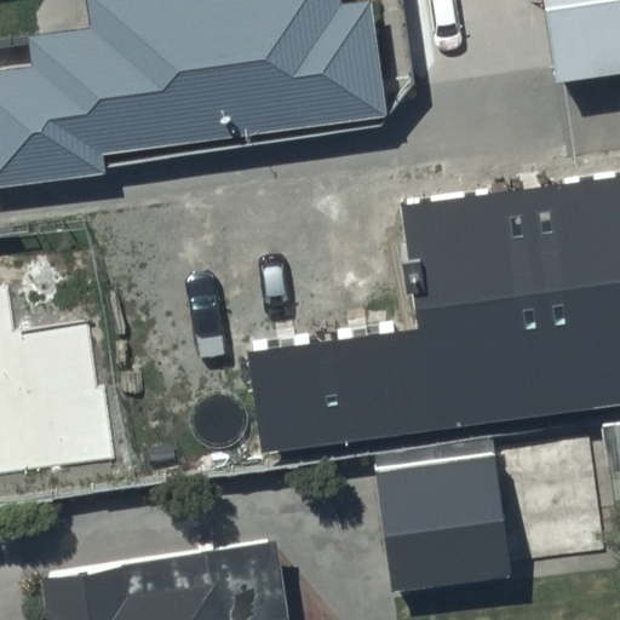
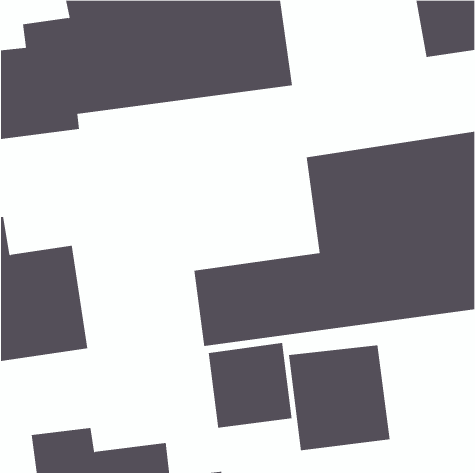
building: none -> [208,342,292,428]

